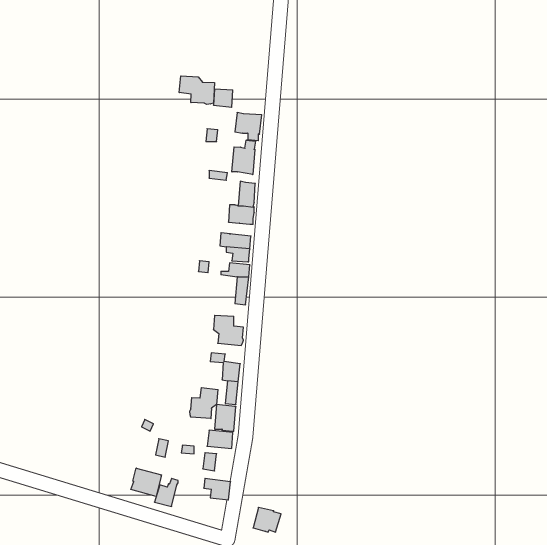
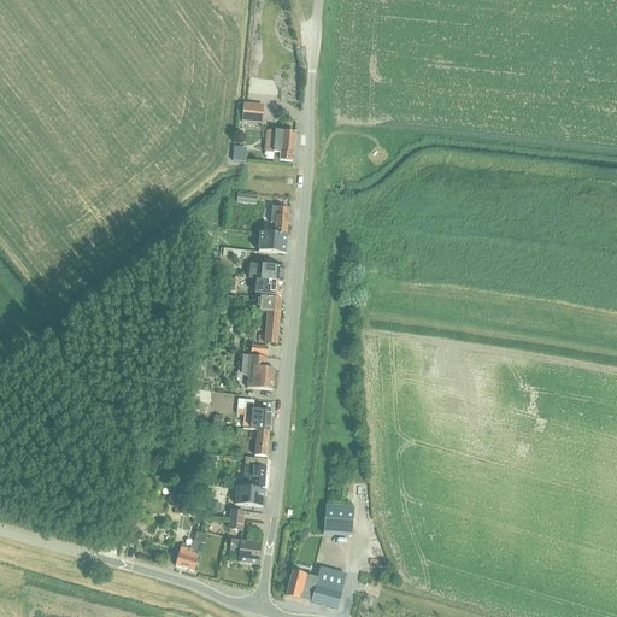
building: [179,76,214,104] -> none
building: [232,140,255,175] -> none
building: [190,388,218,419] -> none
building: none -> [322,504,352,534]
building: [131,468,162,496] -> none
building: none -> [310,565,345,606]

